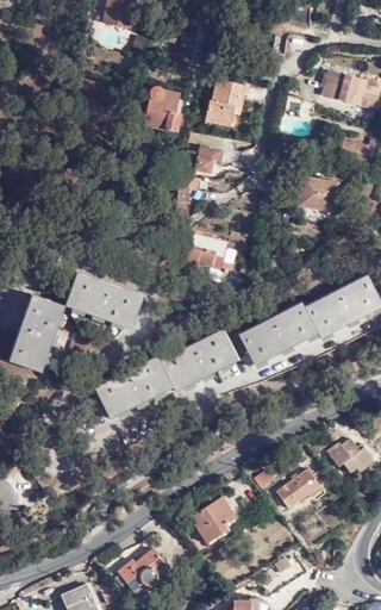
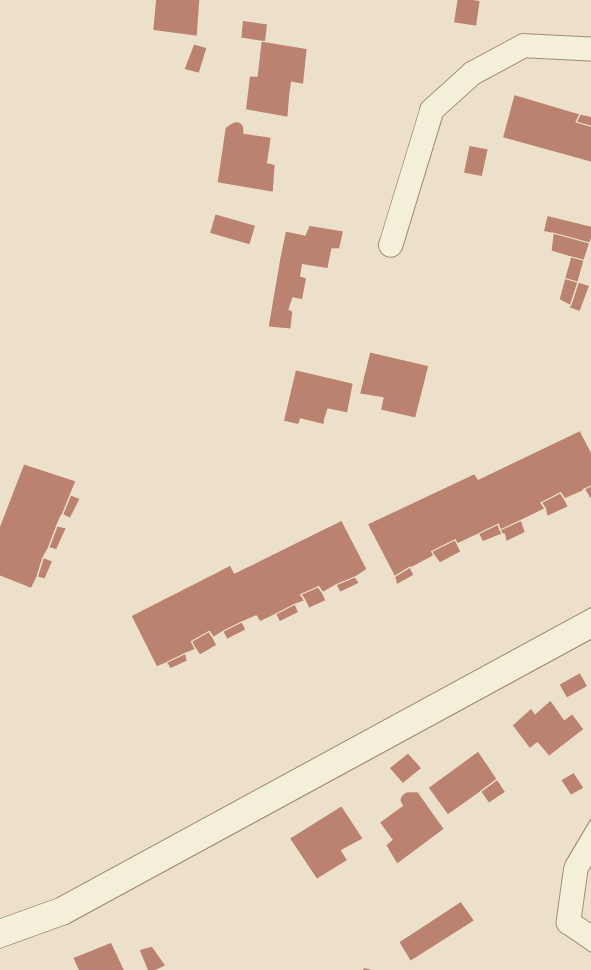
building: [206,77,244,124] -> [245,41,308,117]
building: [301,176,339,212] -> none
building: none -> [360,352,429,418]
building: [62,272,143,330] -> none
building: none -> [379,791,445,865]
building: [117,553,165,593] -> none

